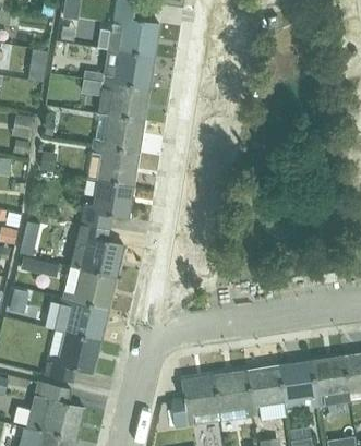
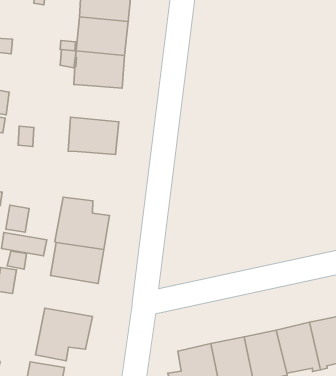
building: [92,114,144,154] -> none
building: [80,180,133,229] -> none
building: [55,299,108,341] -> none

